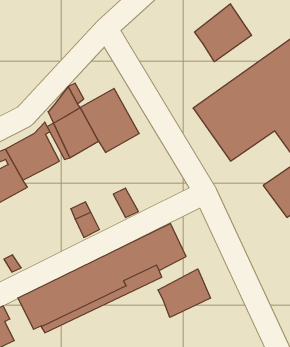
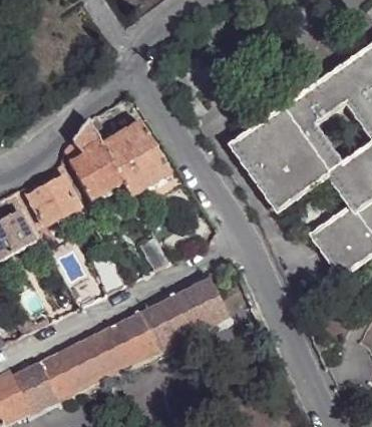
building: [195,4,252,62] -> none
building: [158,269,210,317] -> none

